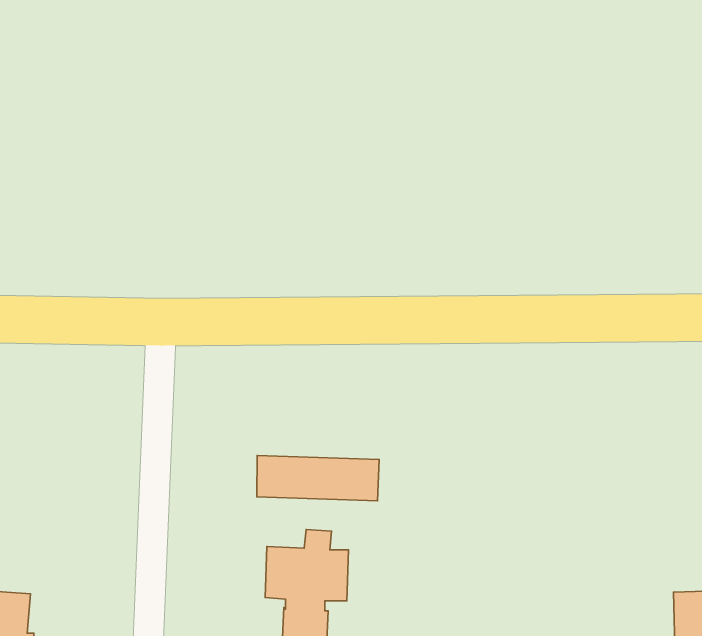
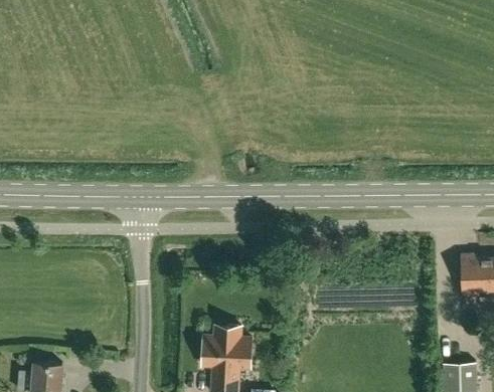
building: [257,456,379,501] -> none

